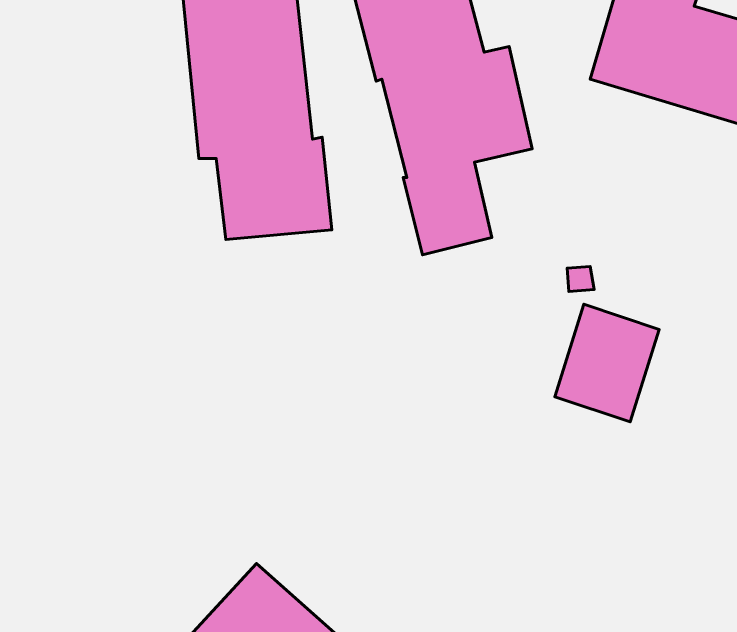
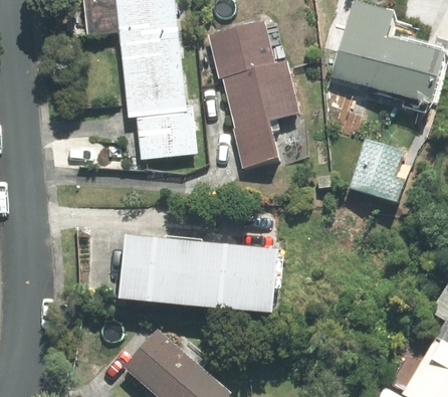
building: [555,304,659,422] -> [348,138,402,199]
building: none -> [119,236,278,315]

